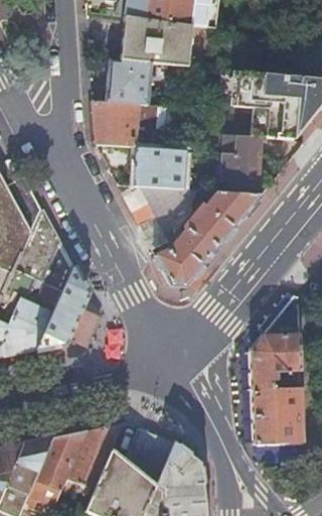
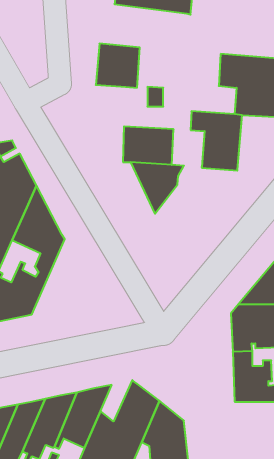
building: [120,16,202,67] -> none
building: [94,102,137,147] -> none
building: [154,190,263,286] -> none
building: [36,268,88,349] -> none

